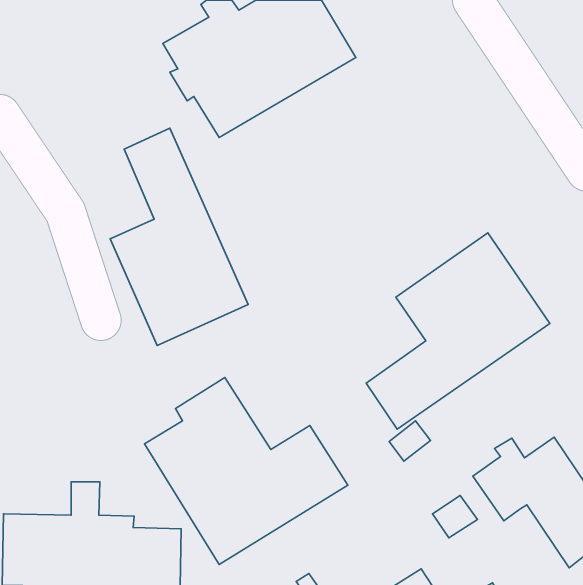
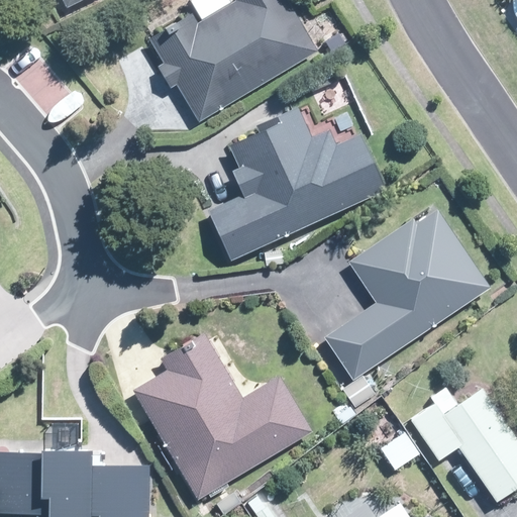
building: [110,128,248,346] -> none
building: none -> [212,114,388,264]

